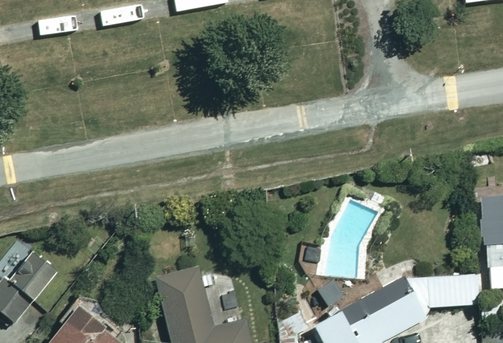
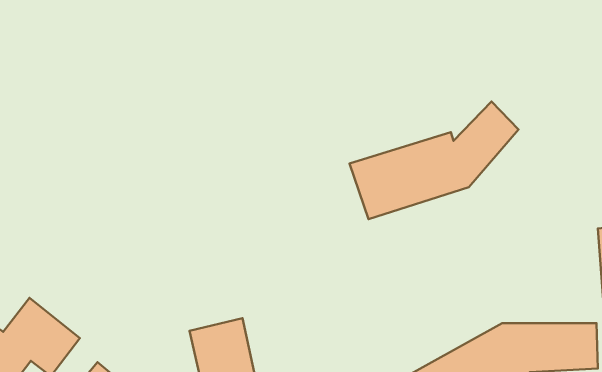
building: none -> [350,101,519,219]

